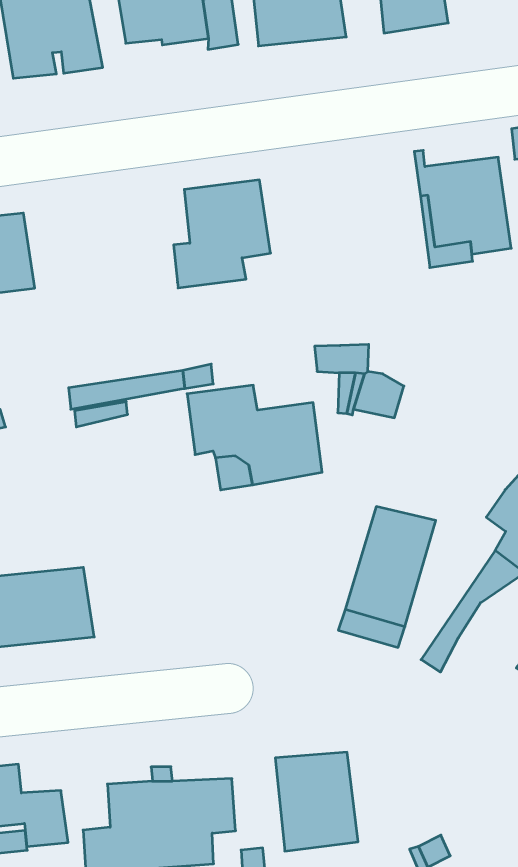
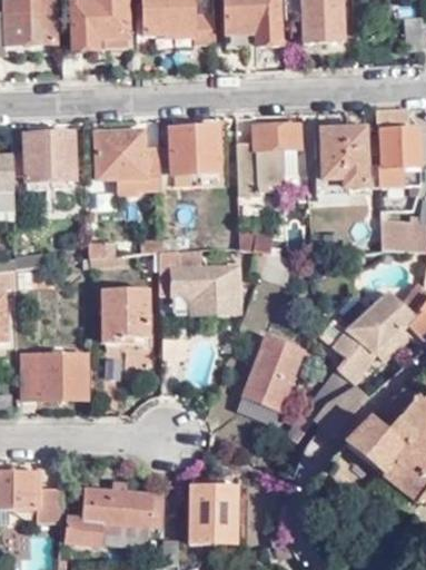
building: none -> [238,124,301,196]
building: none -> [96,128,158,191]
building: none -> [100,287,150,341]

